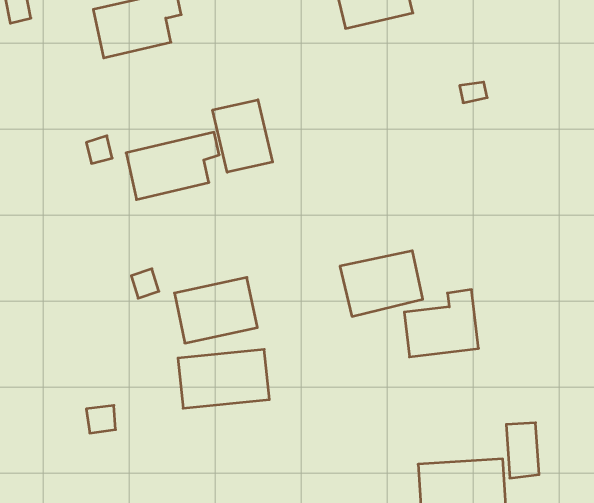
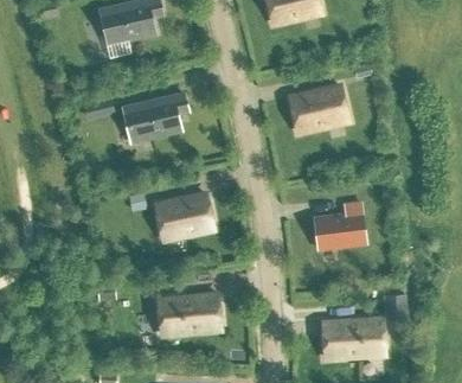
building: [213,100,273,172] -> none
building: [340,251,423,316] -> [290,85,347,130]
building: [178,349,269,408] -> [158,293,220,333]

